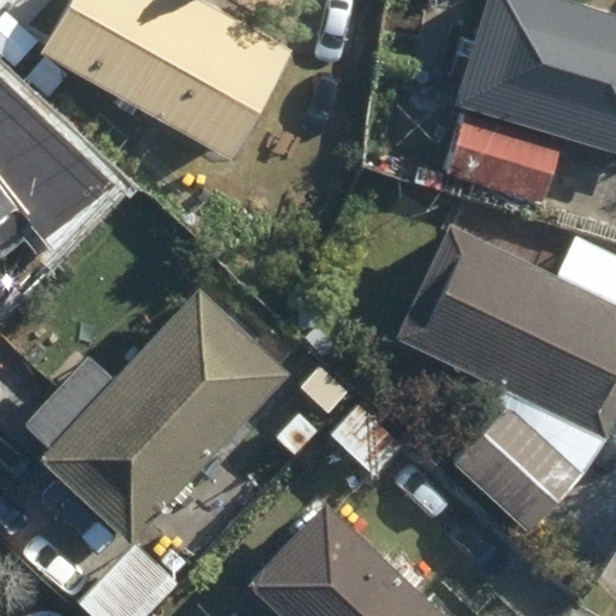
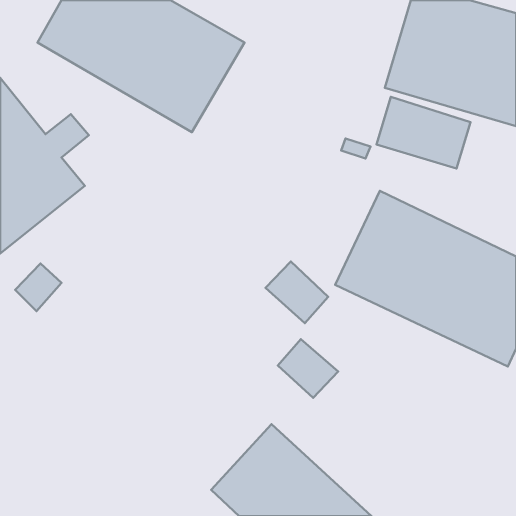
building: [43,291,289,541] -> none
building: [455,402,585,532] -> none

